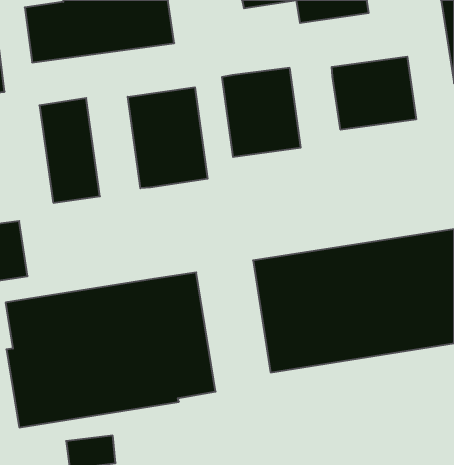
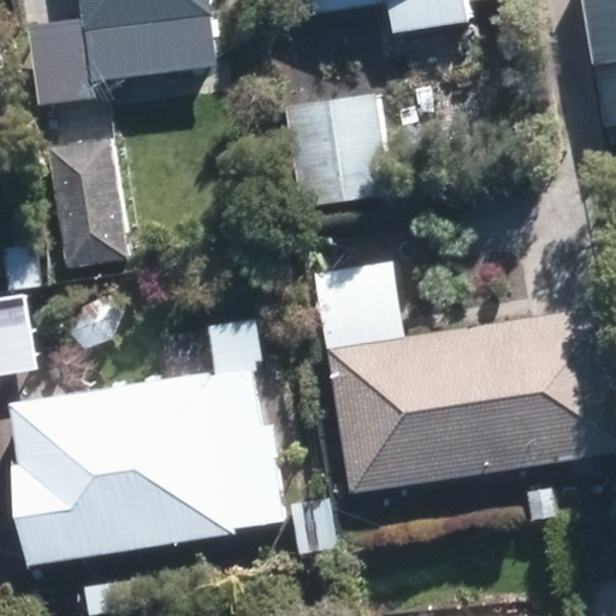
building: [332,57,416,130] -> none
building: [128,87,208,188] -> none

